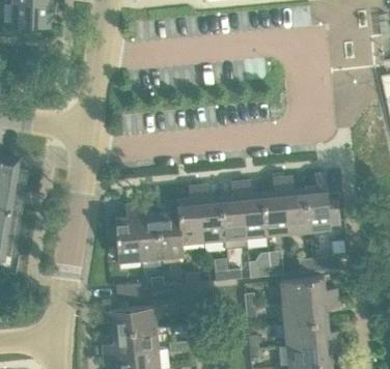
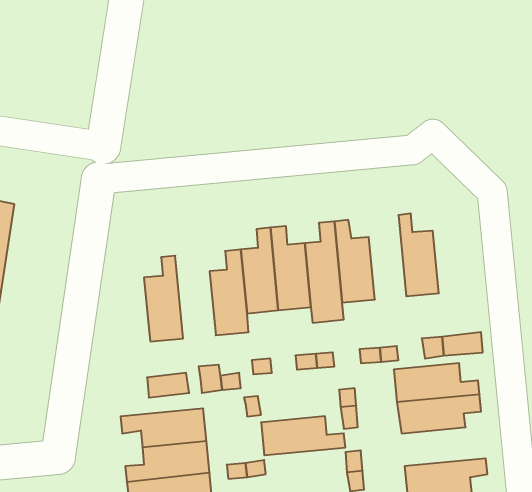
building: [305,174,340,230] -> none
building: [262,178,287,234] -> none
building: [134,204,161,260] -> none
building: [284,319,340,345] -> [261,416,345,455]

